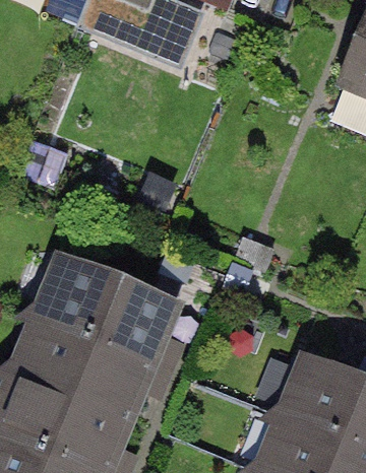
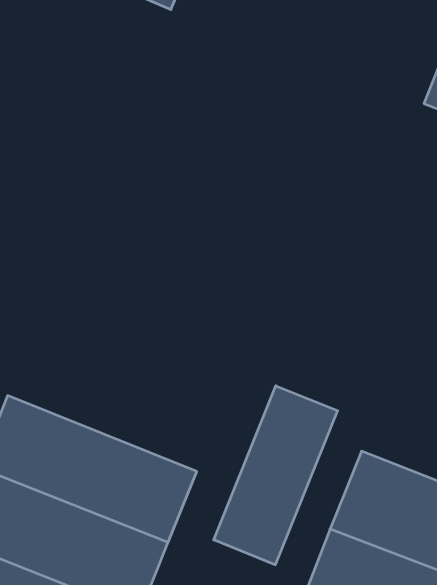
building: [25,265,188,375] -> none
building: none -> [214,386,338,565]

